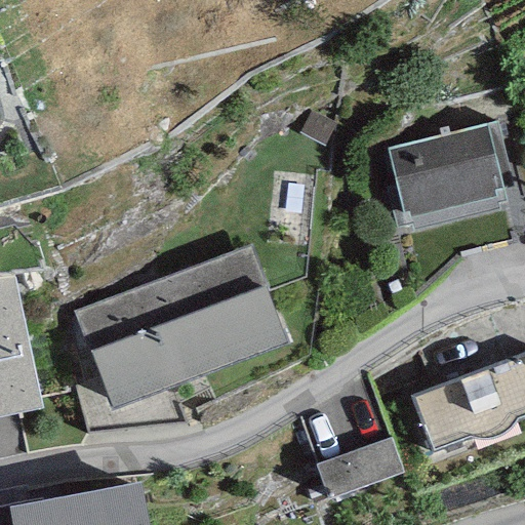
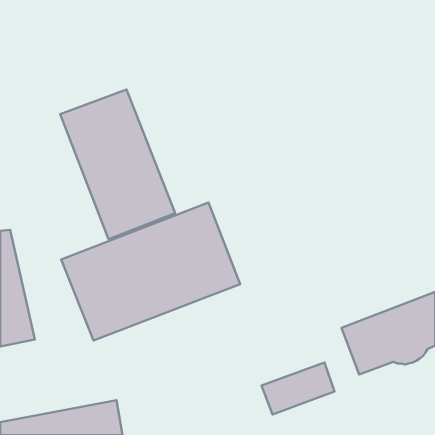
building: none -> [60,89,175,239]
building: [388,124,501,218] -> none

